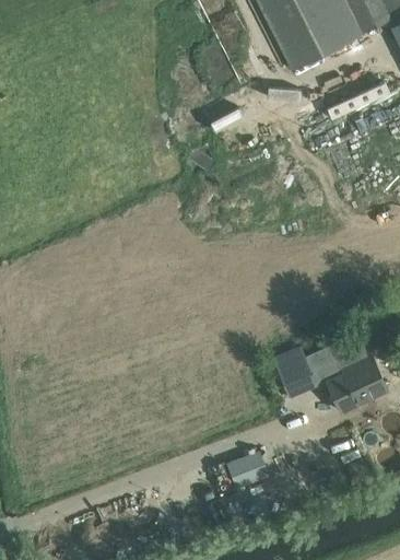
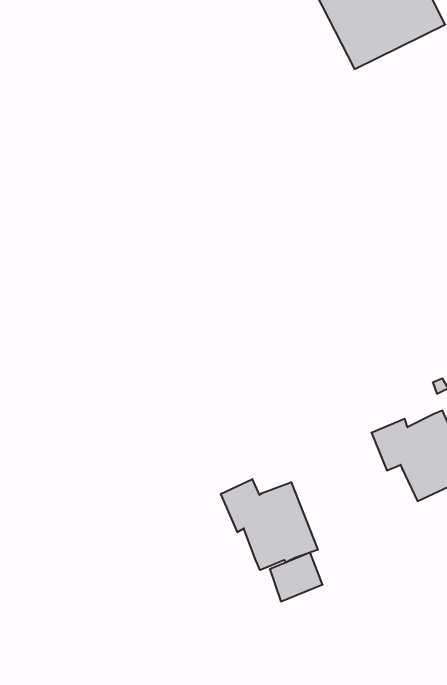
building: [275,349,319,399] -> none
building: none -> [221,479,318,570]

